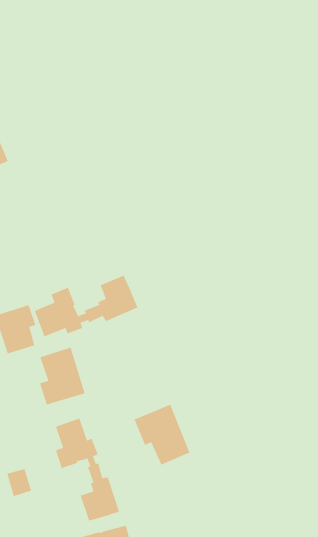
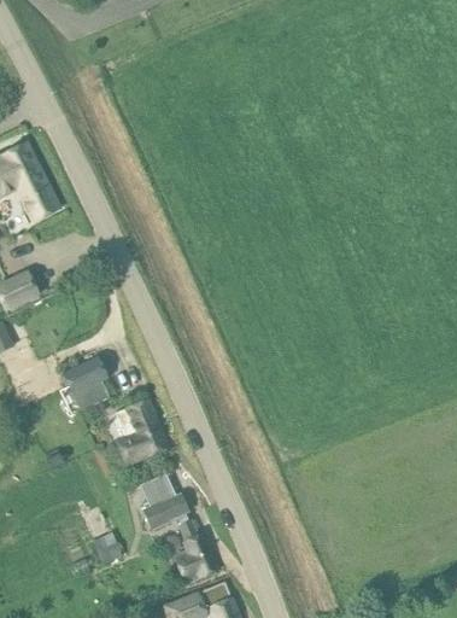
building: [34,275,138,337] -> none
building: [134,404,190,465] -> none

